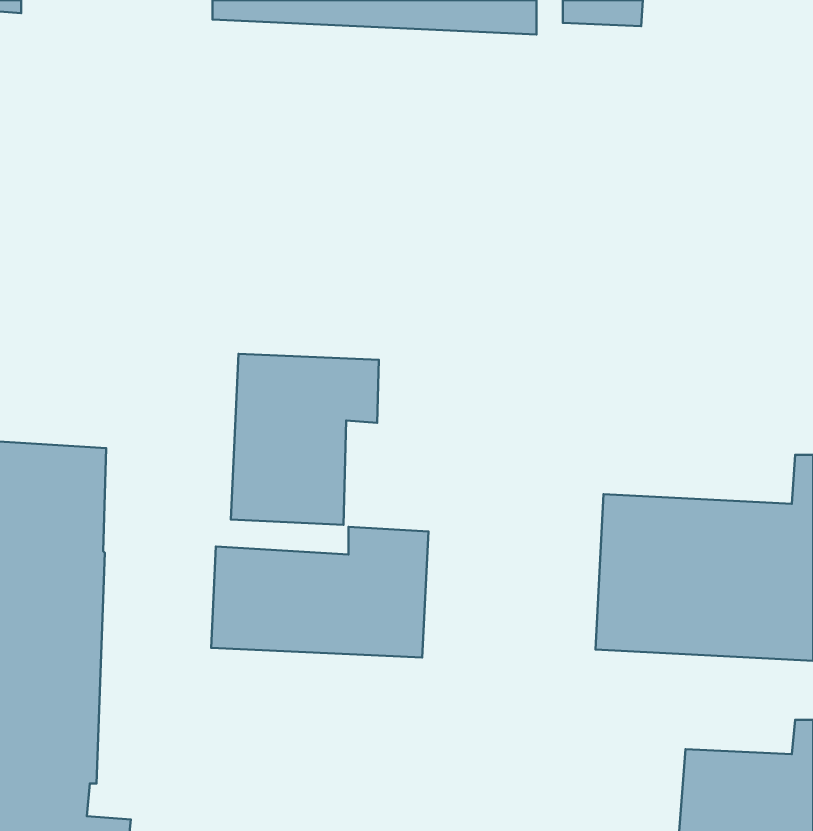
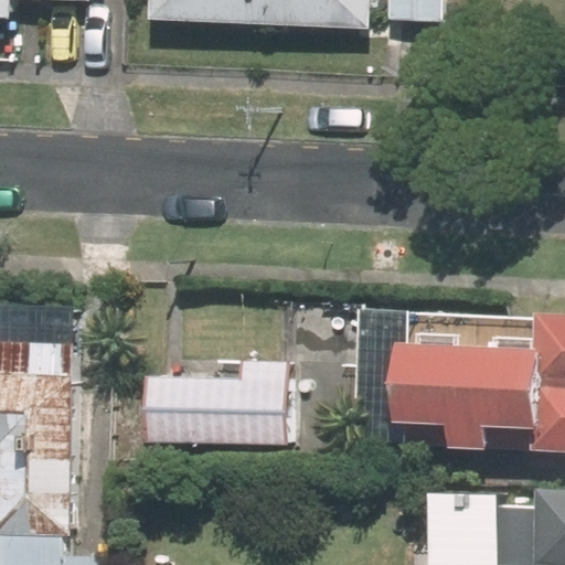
building: [231,354,379,525] -> none

